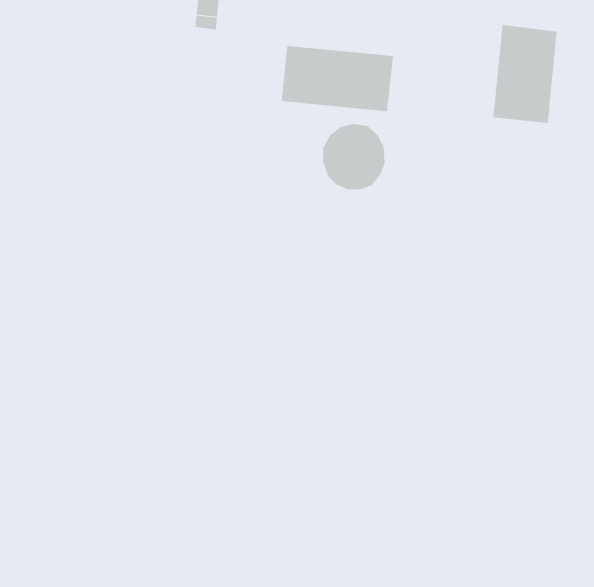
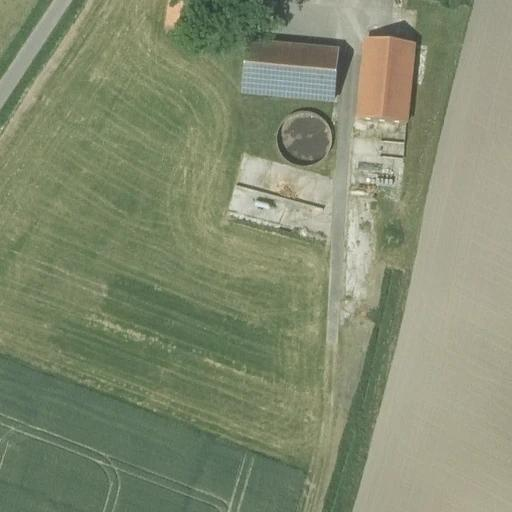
building: [492,24,558,123] -> [358,35,414,120]

